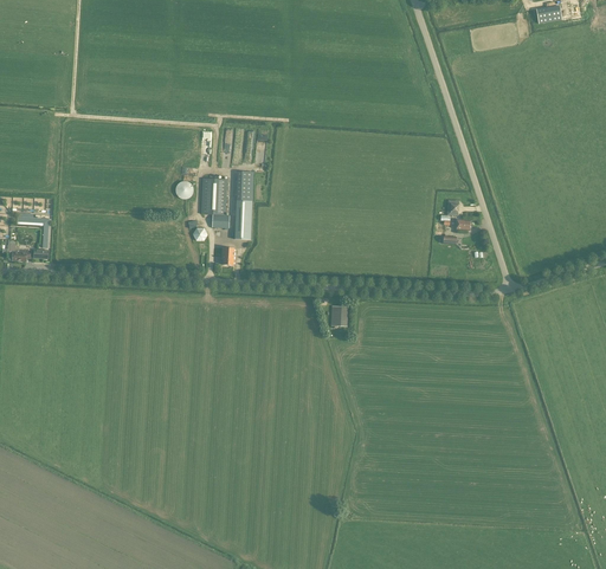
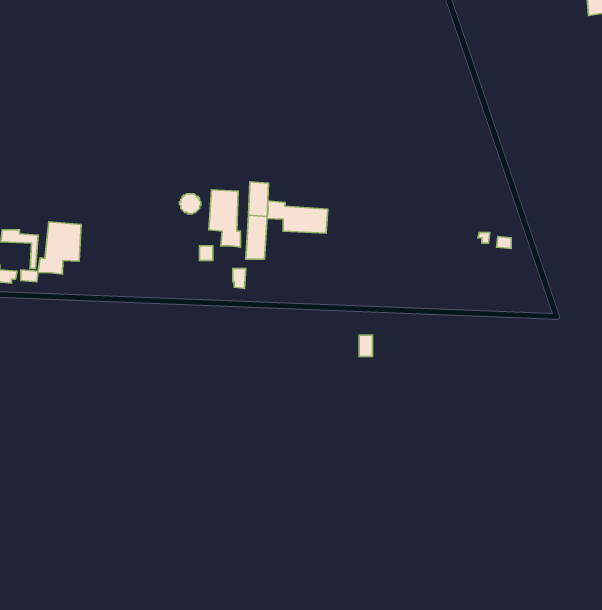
building: none -> [267,201,328,233]
building: none -> [38,222,81,274]

